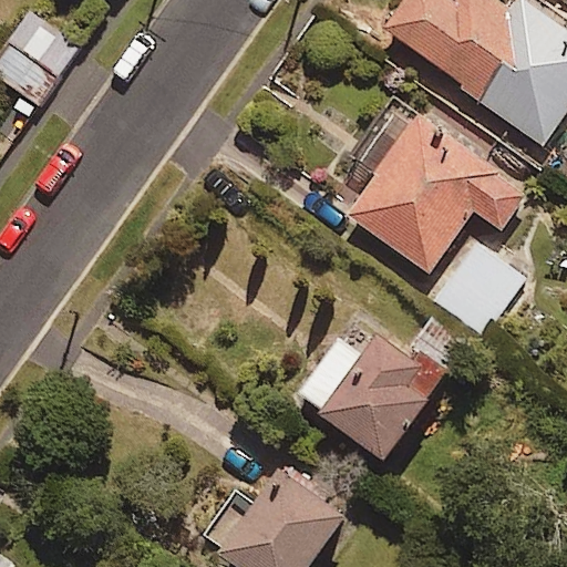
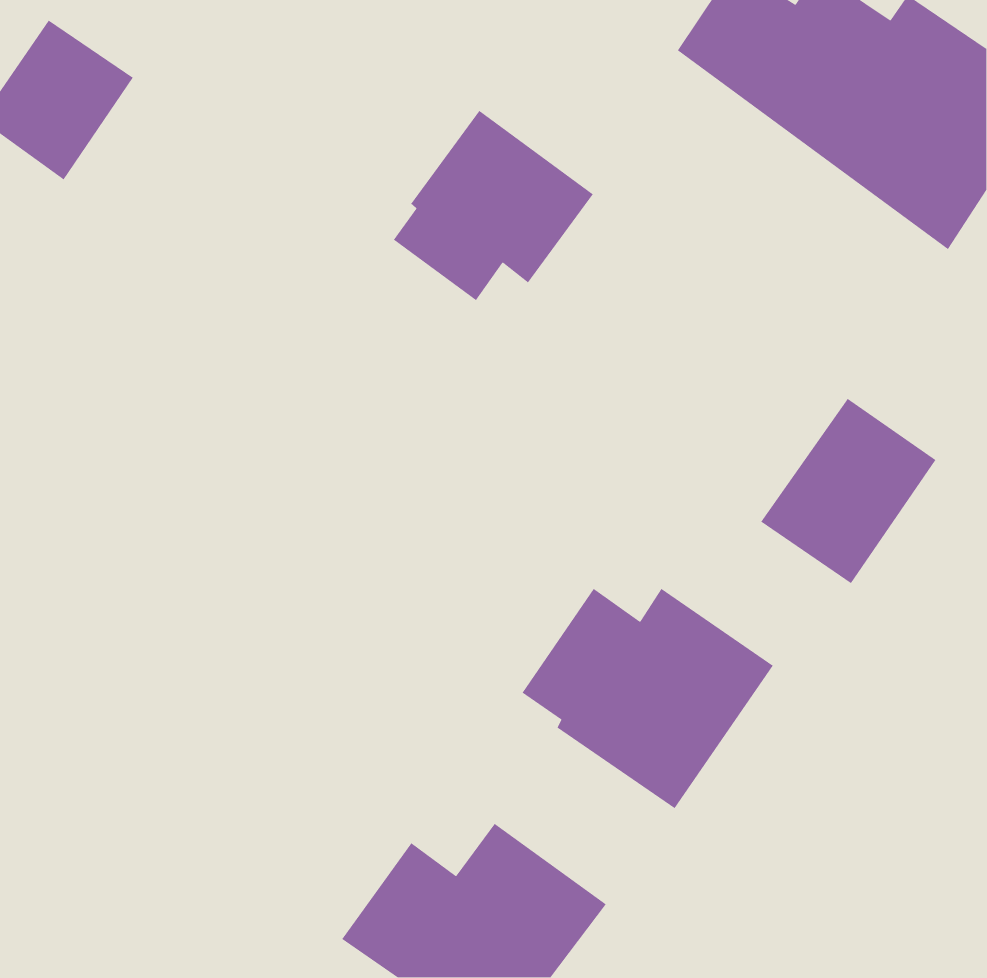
building: none -> [393,110,594,301]
building: [348,109,524,274] -> none

